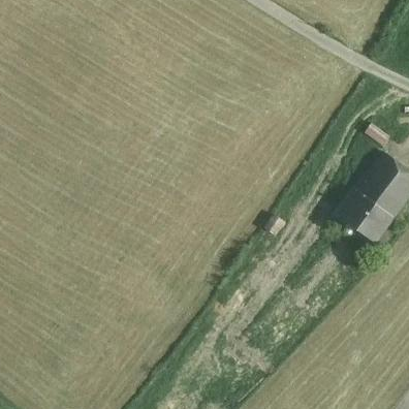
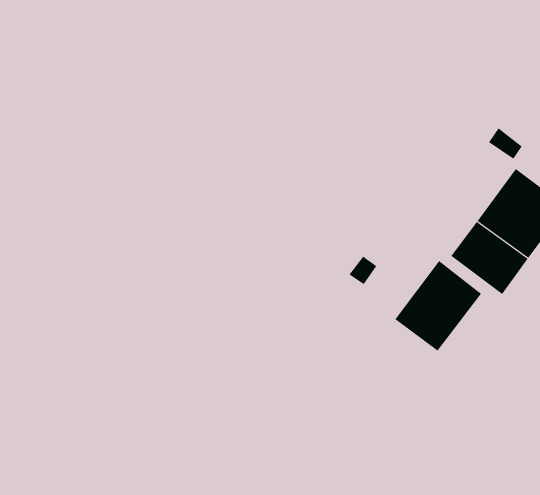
building: none -> [395,260,482,352]

